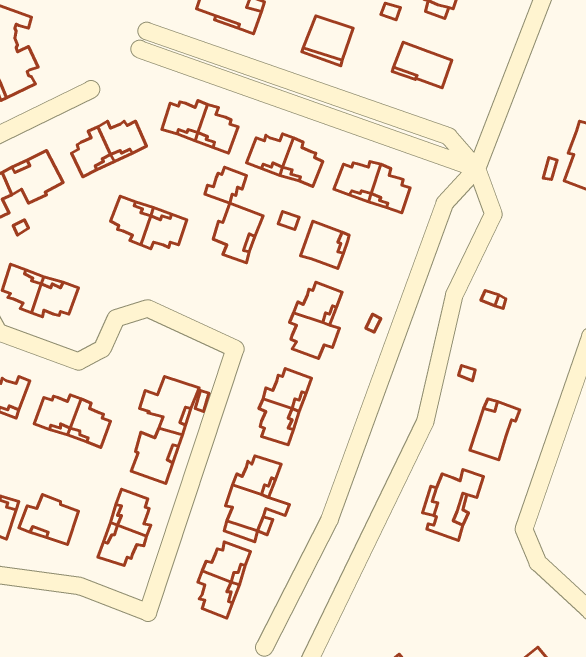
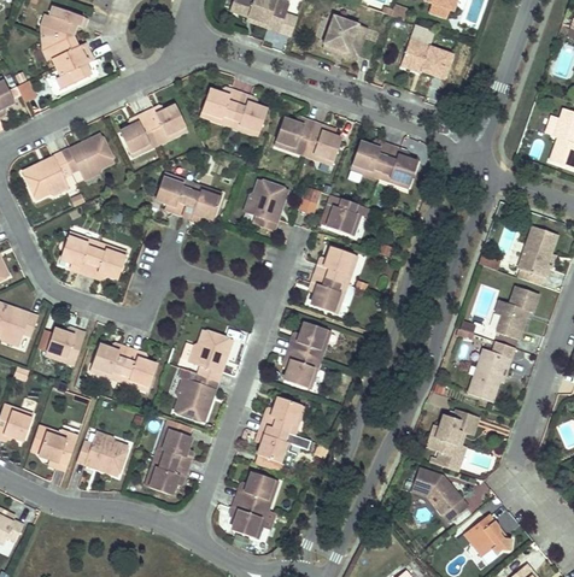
building: [205,167,247,203] -> none
building: none -> [519,226,558,284]
building: none -> [496,285,540,338]
building: none -> [411,466,469,522]
building: none -> [464,513,512,555]

